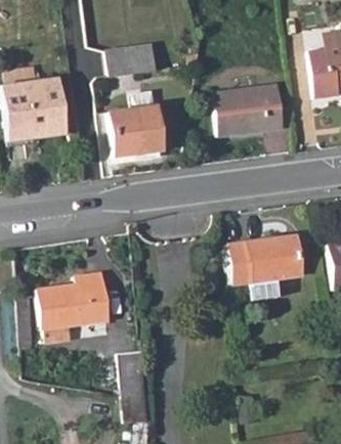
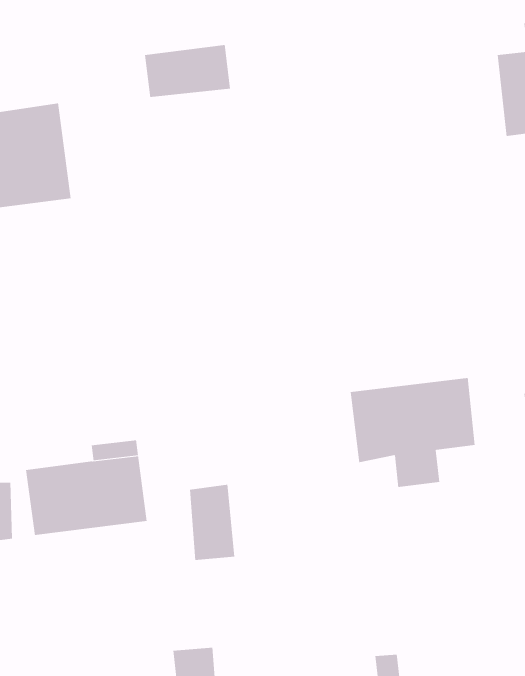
building: [213,84,283,136] -> none
building: [110,106,160,156] -> none
building: [120,350,146,394] -> [189,484,235,560]

